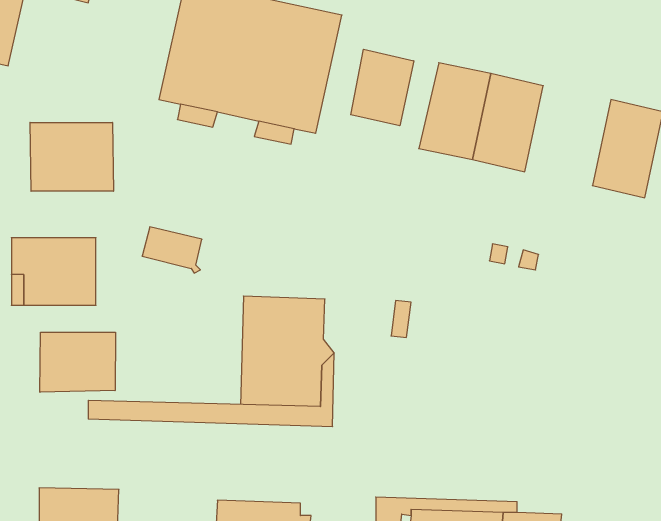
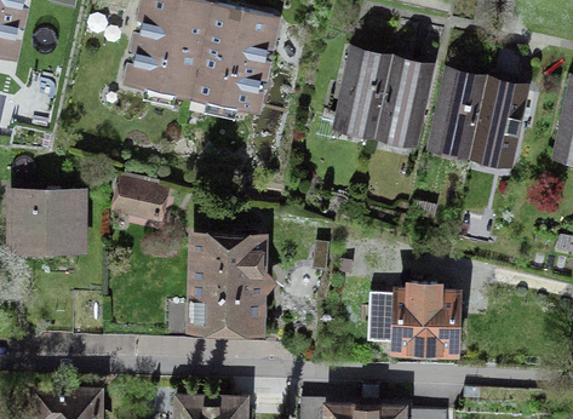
building: [351,49,414,126] -> none
building: none -> [430,73,486,149]
building: [30,122,113,191] -> none
building: [40,332,115,392] -> none
building: none -> [367,281,455,354]

